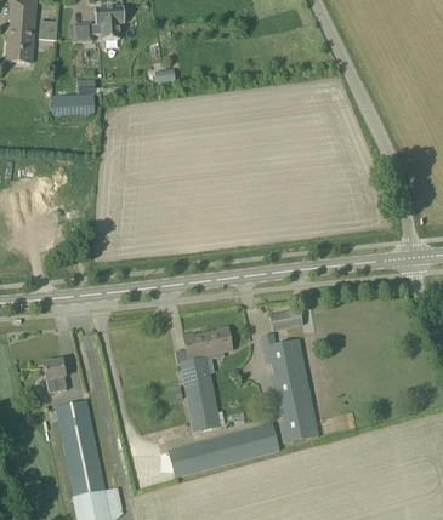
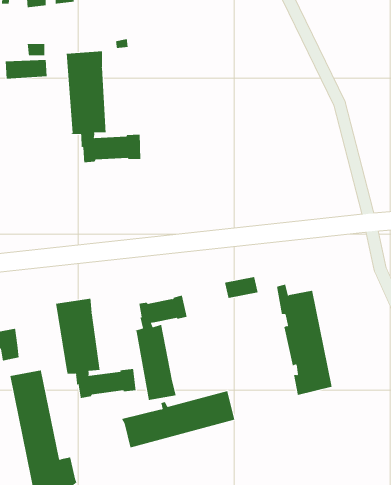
building: none -> [66,50,141,163]
building: none -> [56,298,136,399]
building: [262,332,318,442] -> [276,284,333,396]

